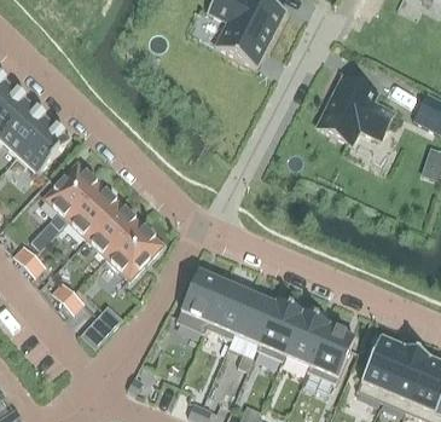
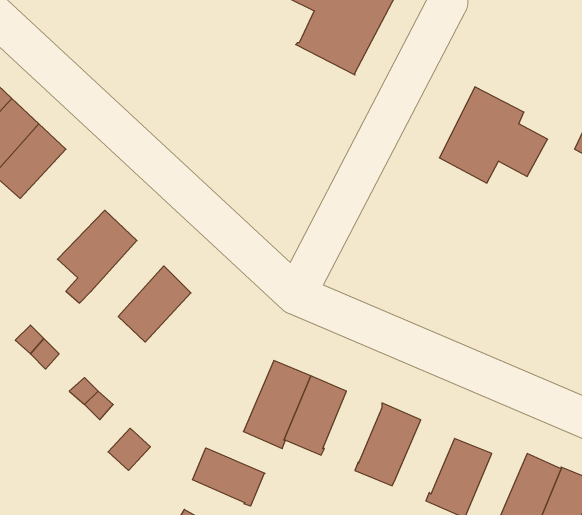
building: [16,118,69,173] -> none
building: [66,184,118,238] -> none
building: [105,221,162,278] -> none
building: [232,291,274,343] -> none
building: [284,312,327,365] -> none
building: none -> [193,448,265,506]

